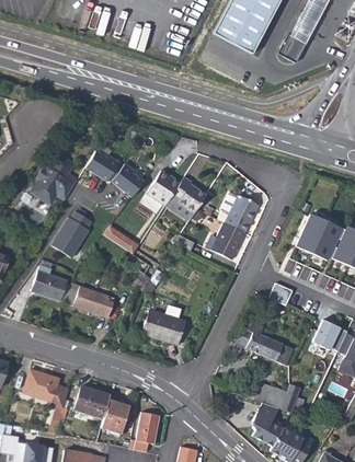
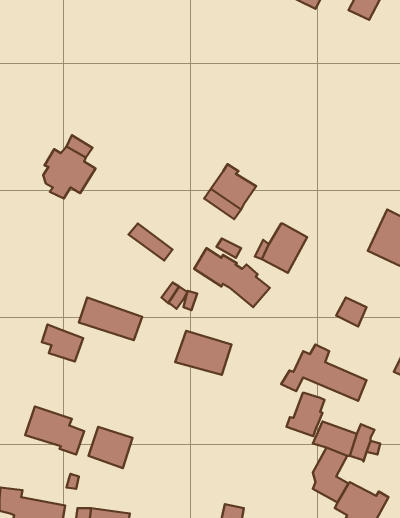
building: [87,150,147,197] -> [194,248,270,307]
building: [147,170,181,204] -> none
building: [225,193,262,234] -> none
building: [53,210,93,257] -> none
building: [35,270,68,300] -> [42,324,83,362]
building: none -> [287,393,324,436]
building: [102,397,130,437] -> none
building: [130,412,160,450] -> none

